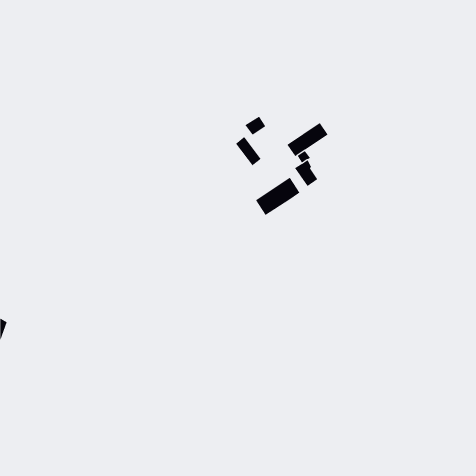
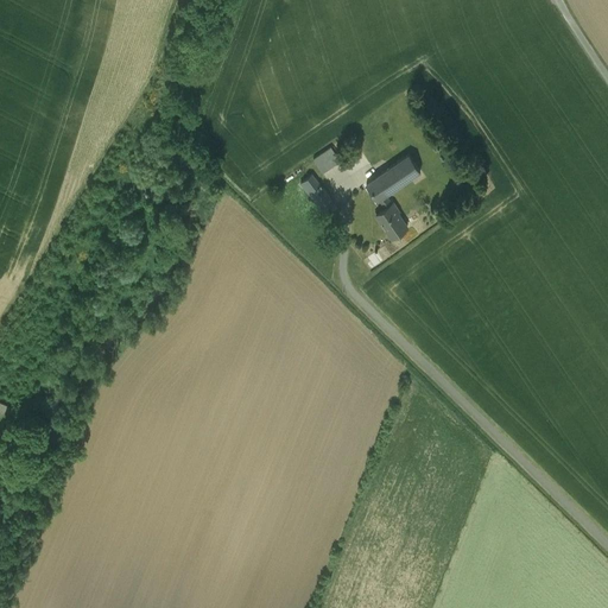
building: [255,177,300,216] -> none

